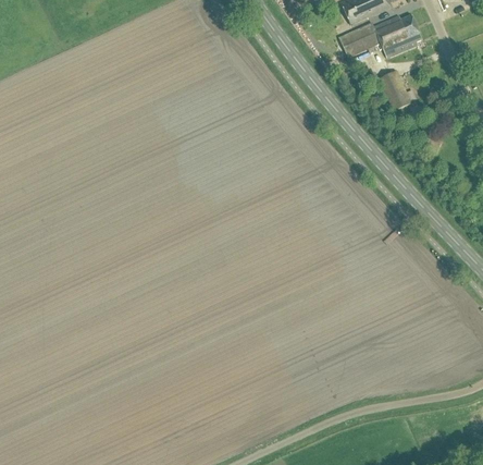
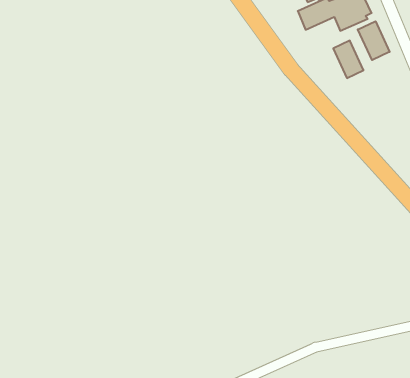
building: none -> [358,21,390,60]

